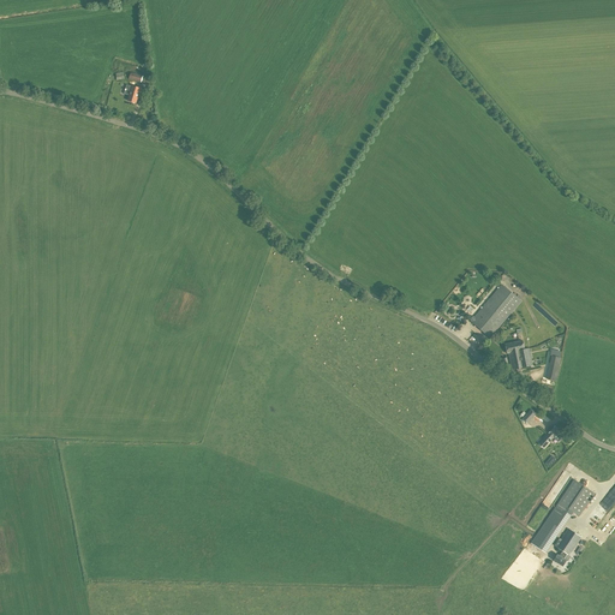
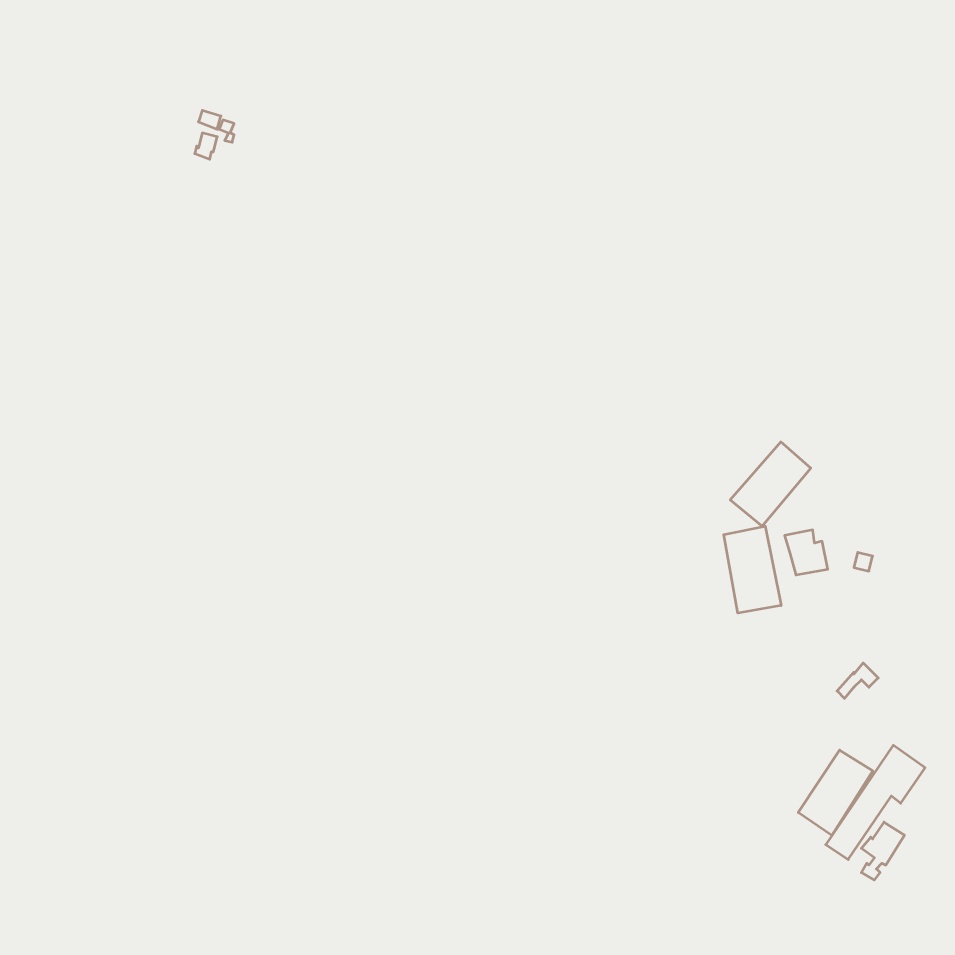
building: none -> [724,526,781,613]
building: none -> [798,750,873,835]

